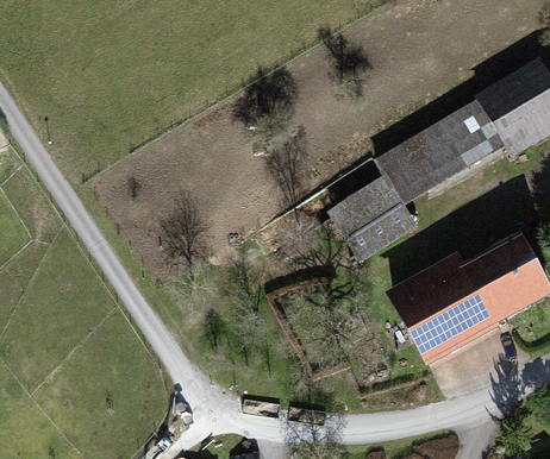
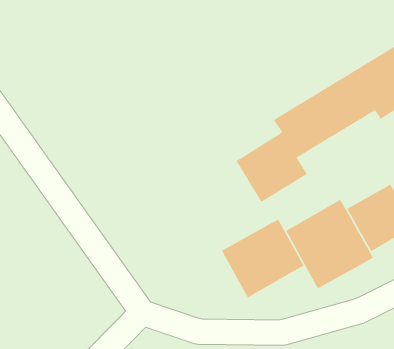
building: none -> [221,219,305,299]

